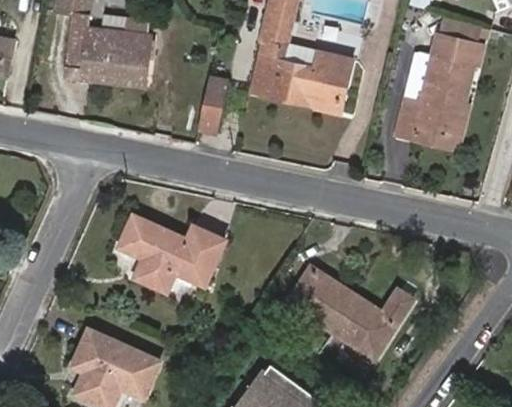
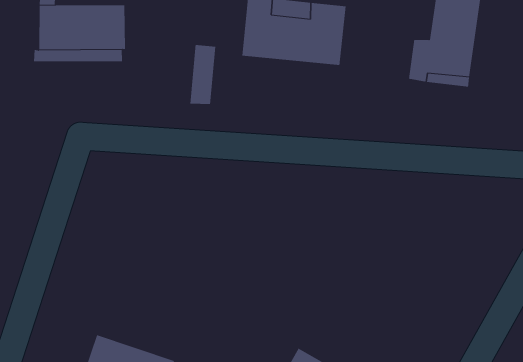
building: [120,218,225,290] -> none
building: [290,266,413,359] -> none

